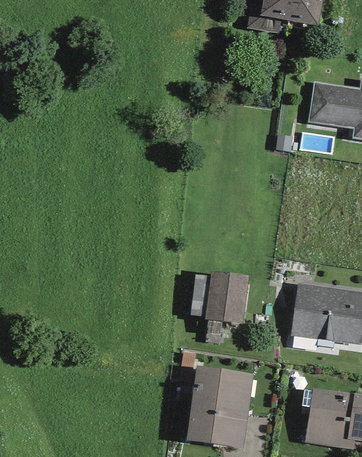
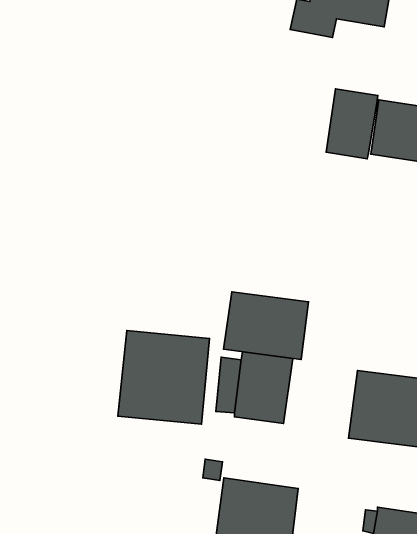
building: none -> [326,89,378,159]
building: none -> [224,292,308,360]
building: none -> [118,331,209,424]

